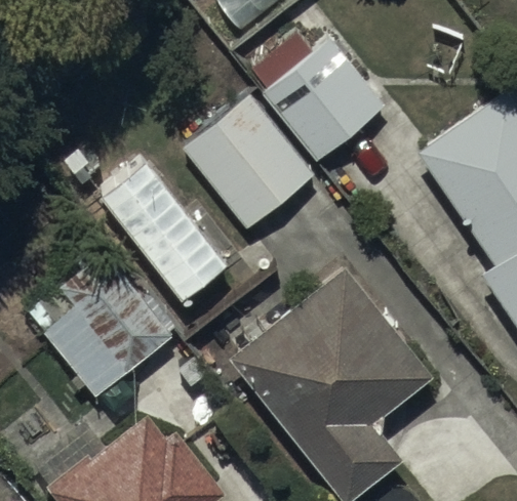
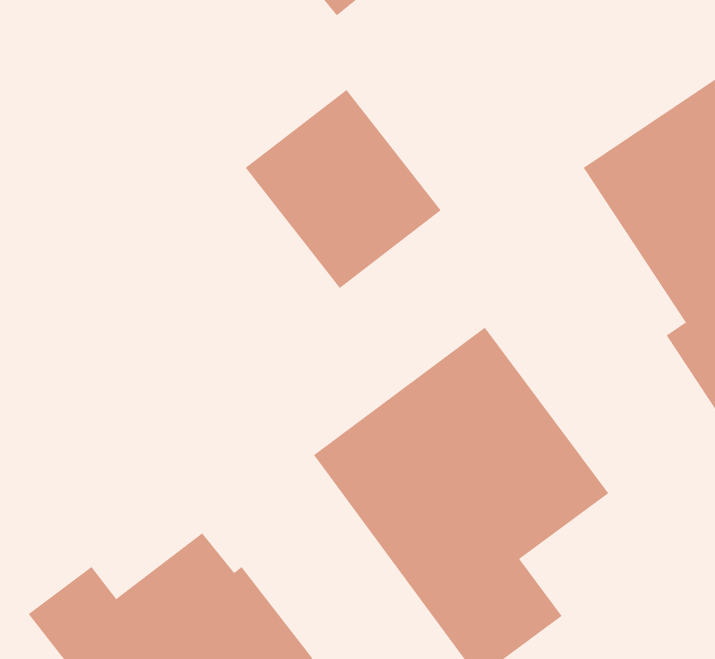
building: [252,36,388,166] -> none
building: [97,158,229,302] -> none
building: [27,241,180,410] -> none

